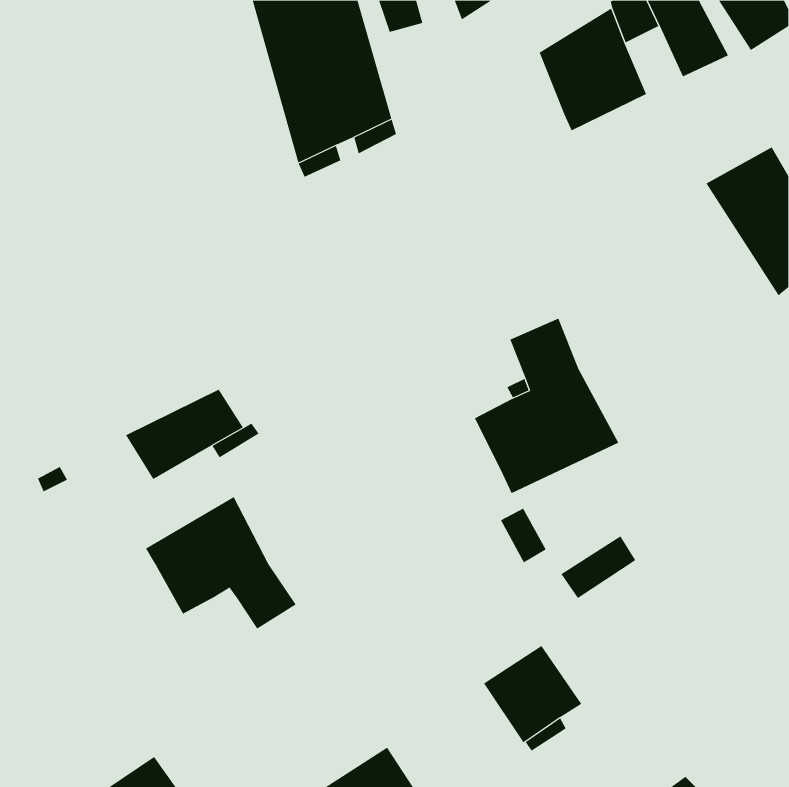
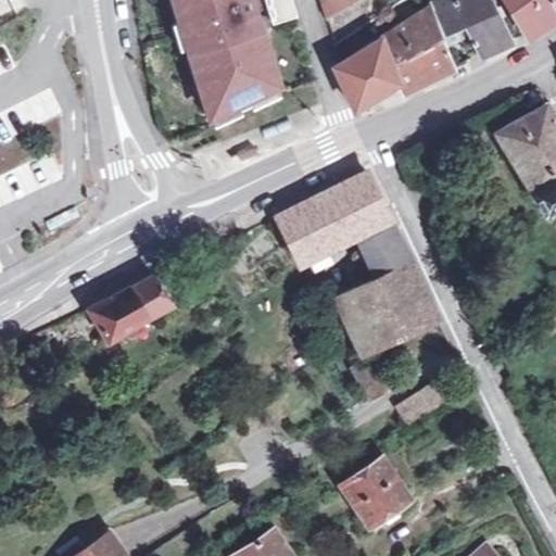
building: none -> [334,38,396,108]
building: none -> [276,170,384,263]
building: [145,496,297,629] -> none

